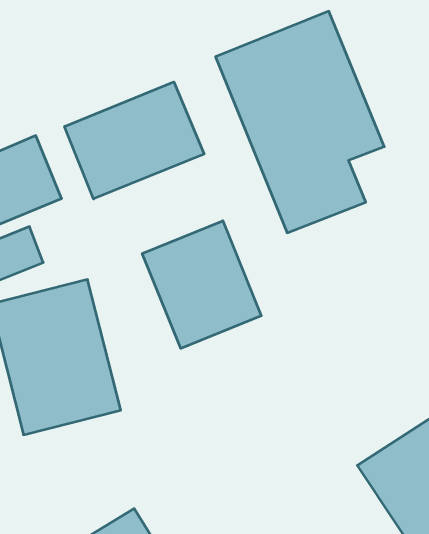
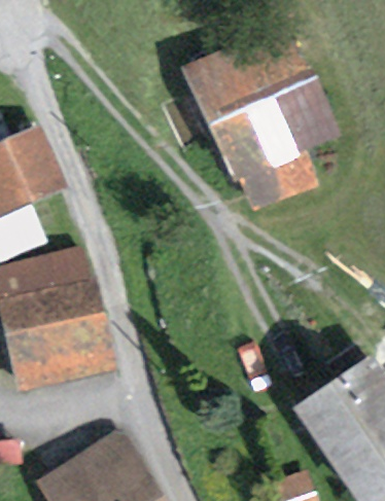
building: [65,82,204,199] -> none
building: [142,221,261,348] -> none

